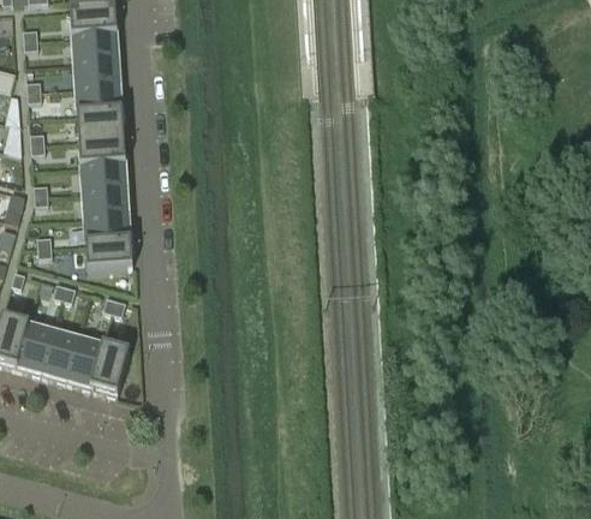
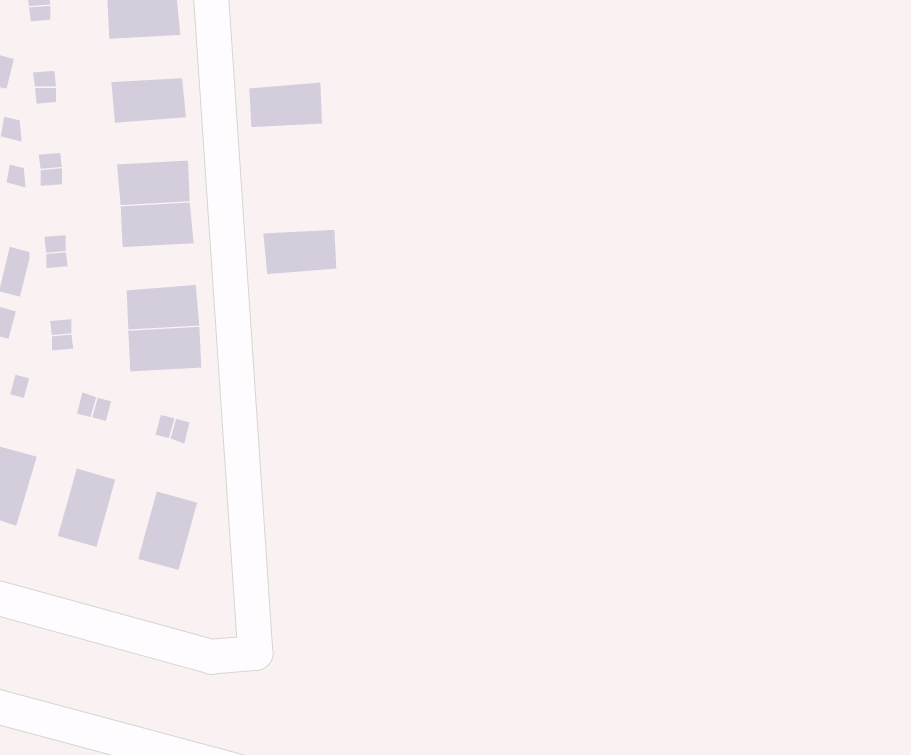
building: [73,59,120,88] -> none
building: [77,111,124,139] -> [249,82,323,128]
building: [82,190,129,219] -> [263,229,337,275]
building: [16,323,53,374] -> none
building: [66,338,103,388] -> none

